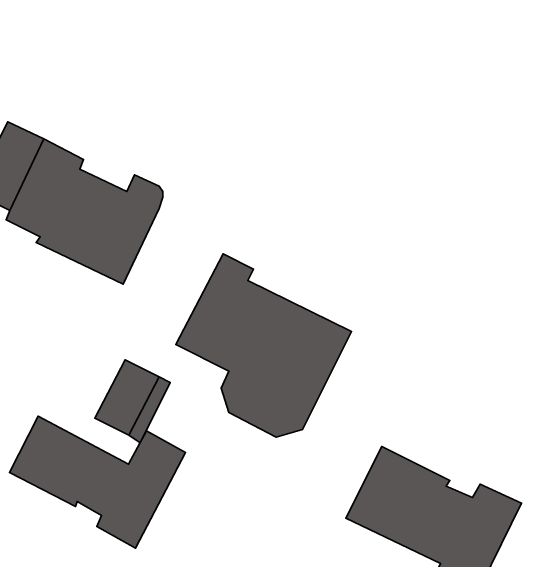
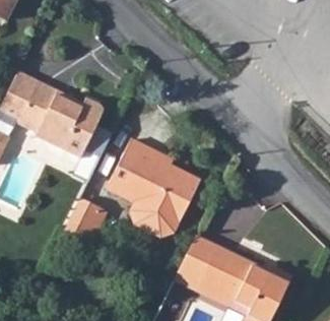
building: [9,416,186,548] -> none
building: none -> [180,236,220,284]

